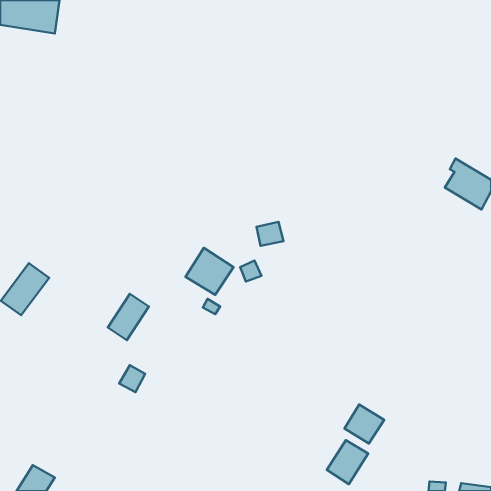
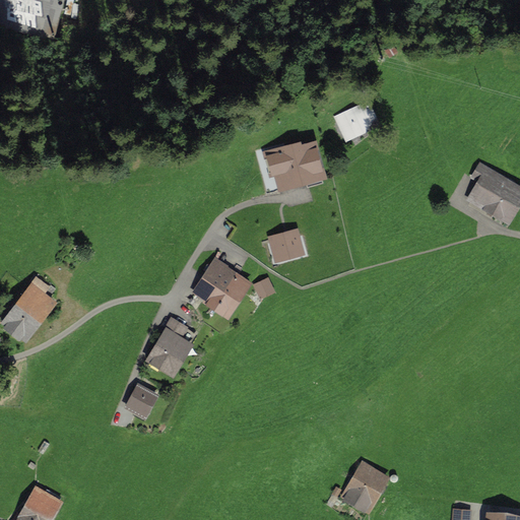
building: none -> [338,106,377,135]
building: none -> [263,143,324,191]
building: [108,294,149,340] -> [148,317,192,366]
building: [345,404,384,443] -> none

